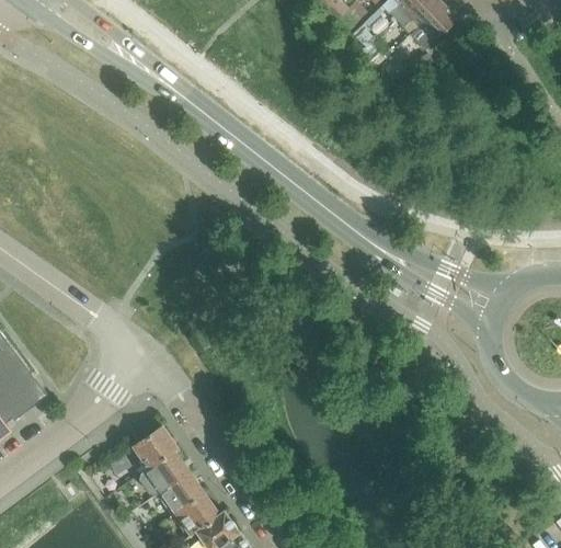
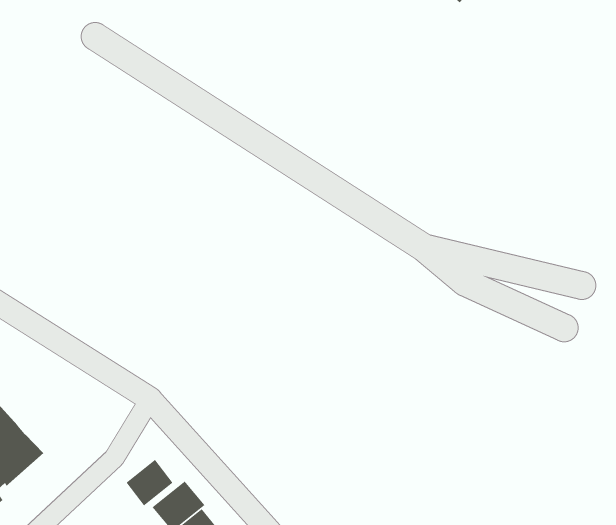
building: none -> [125,459,174,506]

